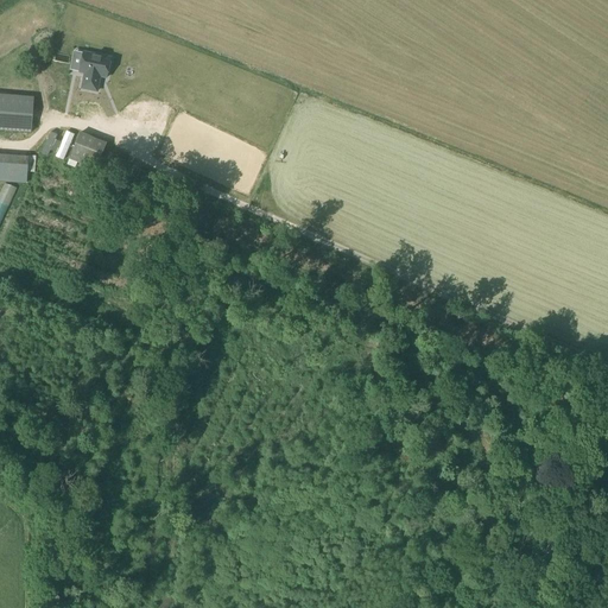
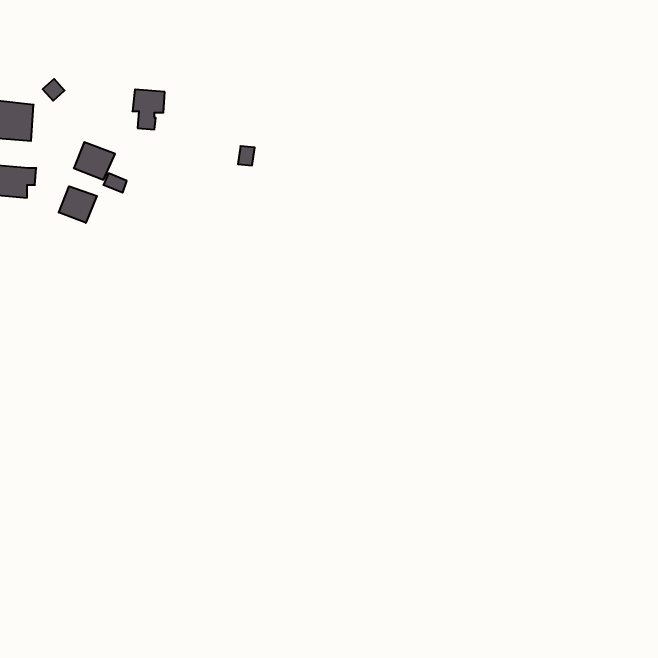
building: [76,53,106,90] -> [132,89,165,129]
building: none -> [59,186,97,223]

